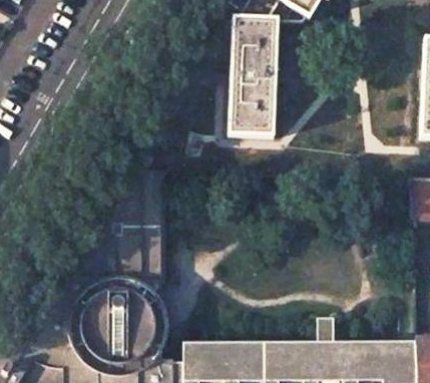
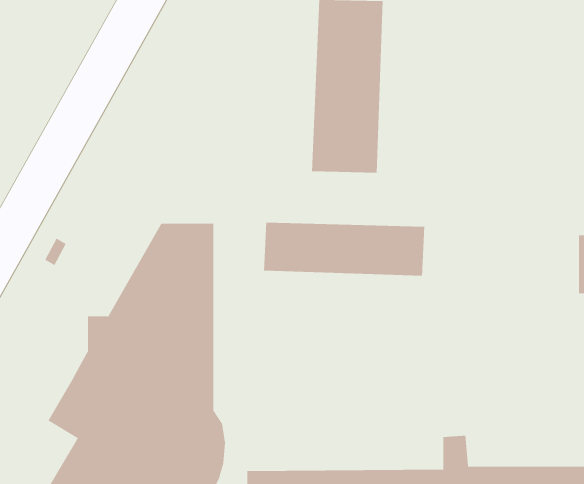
building: none -> [264,222,425,276]

